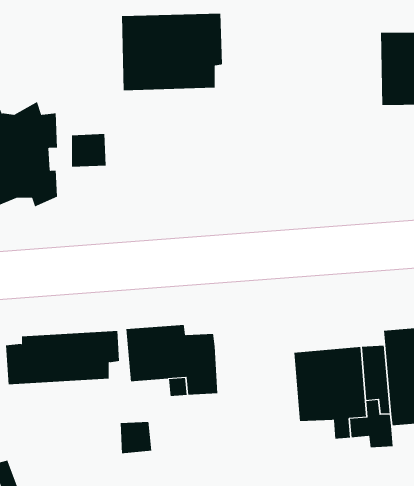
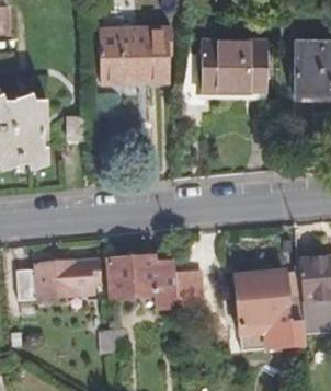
building: none -> [202,35,266,94]
building: none -> [170,272,198,308]

